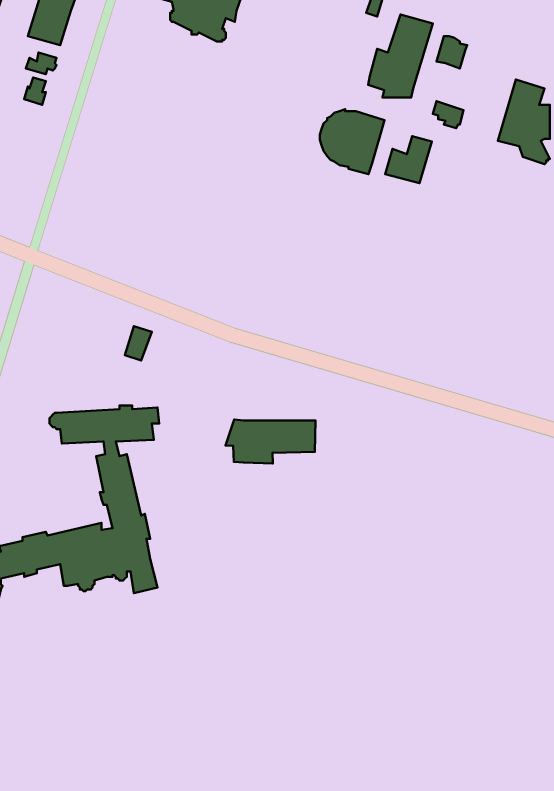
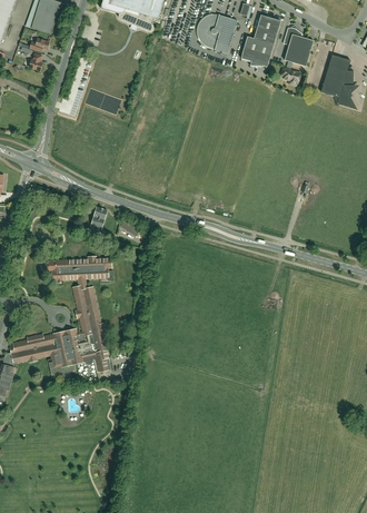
building: [320,109,385,174] -> [197,13,237,53]
building: [385,136,432,183] -> [285,37,314,66]
building: [225,420,316,464] -> none

